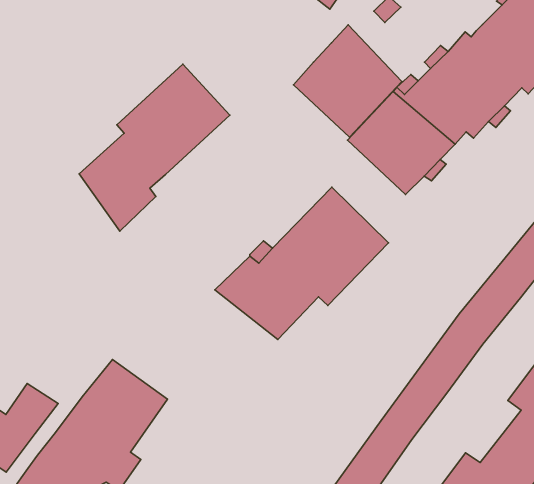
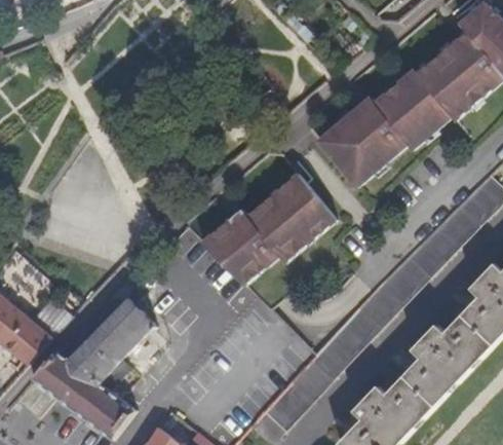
building: [294,25,402,137] -> none
building: [79,64,230,231] -> none

